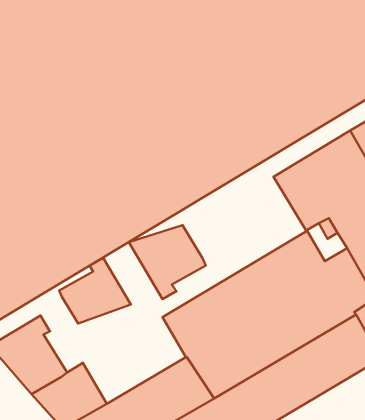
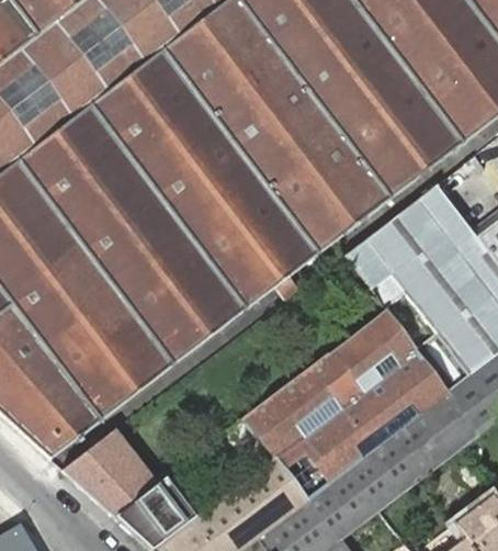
building: [129,225,206,299] -> none
building: [59,258,131,324] -> none

